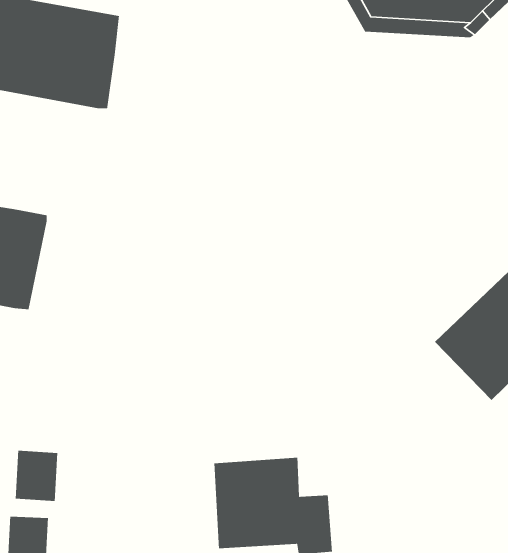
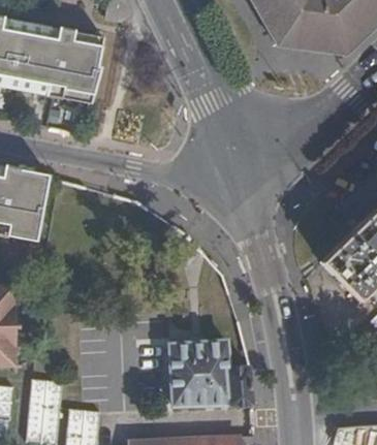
building: [15,450,58,502] -> none

